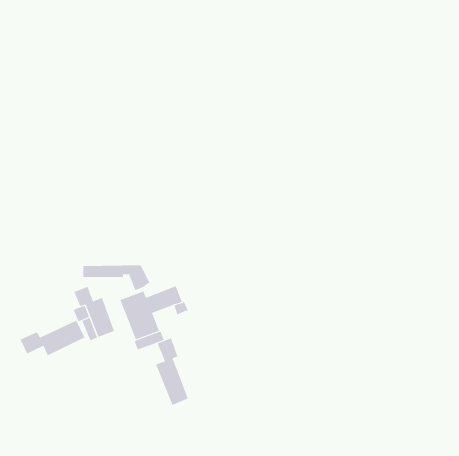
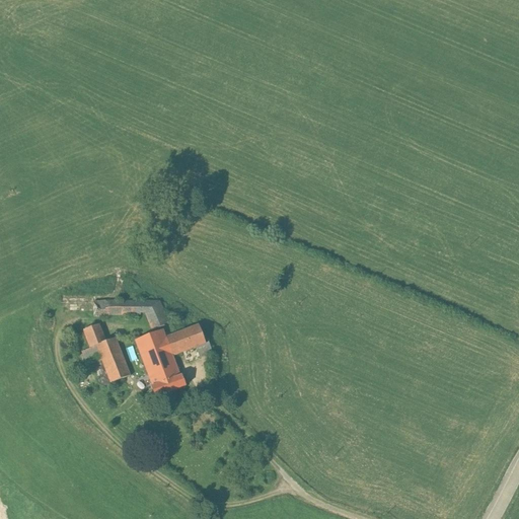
building: [20,320,85,356] -> none
building: [155,338,189,406] -> none

